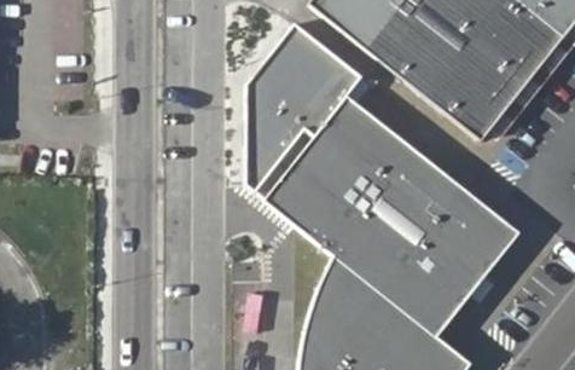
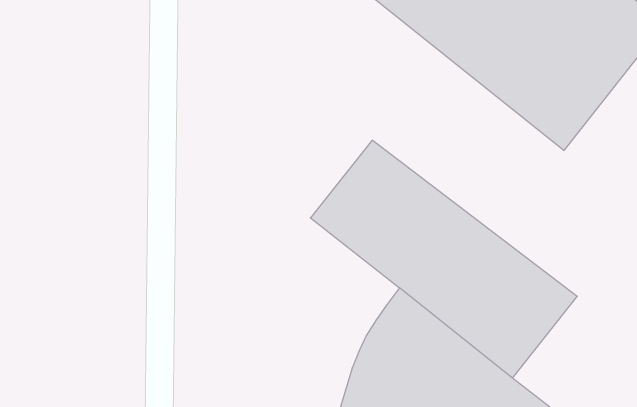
building: [254,24,365,197] -> none
building: [318,97,521,268] -> none

